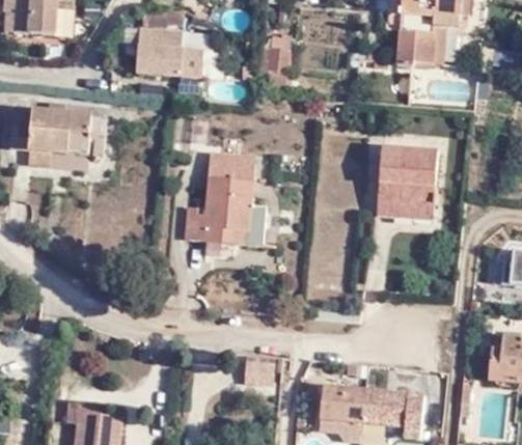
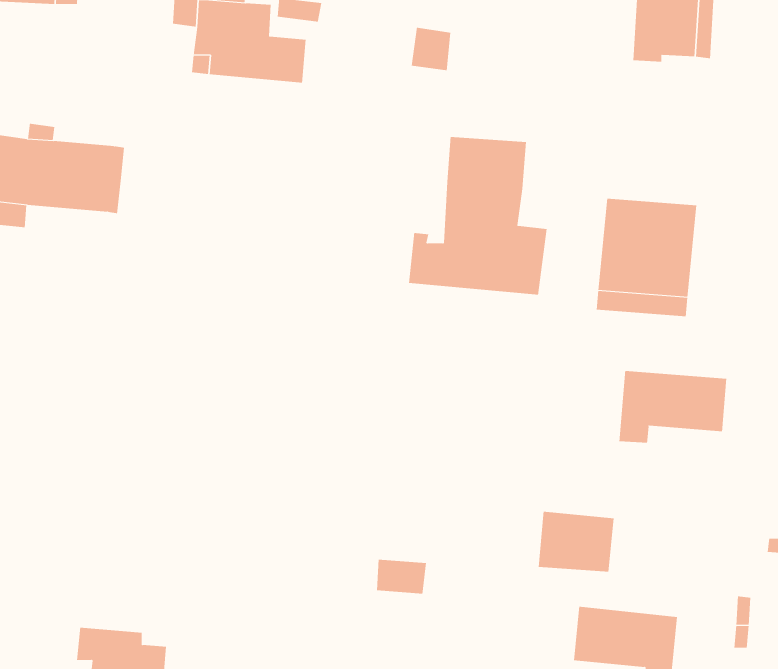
building: [186,152,269,247] -> [408,137,548,295]
building: none -> [619,370,727,444]
building: [321,387,366,423] -> [538,511,614,572]

